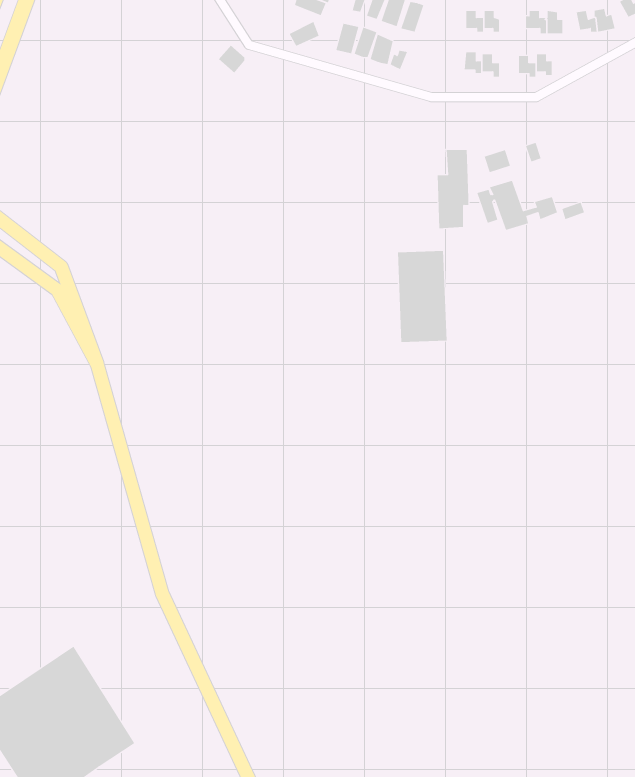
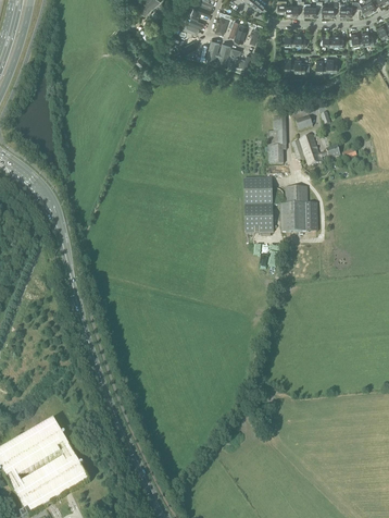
building: none -> [281,186,318,231]

